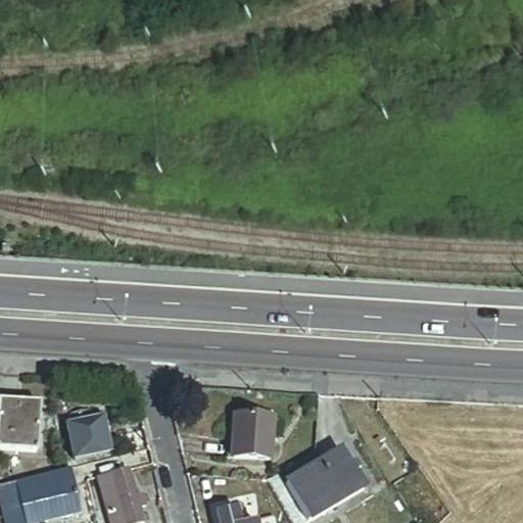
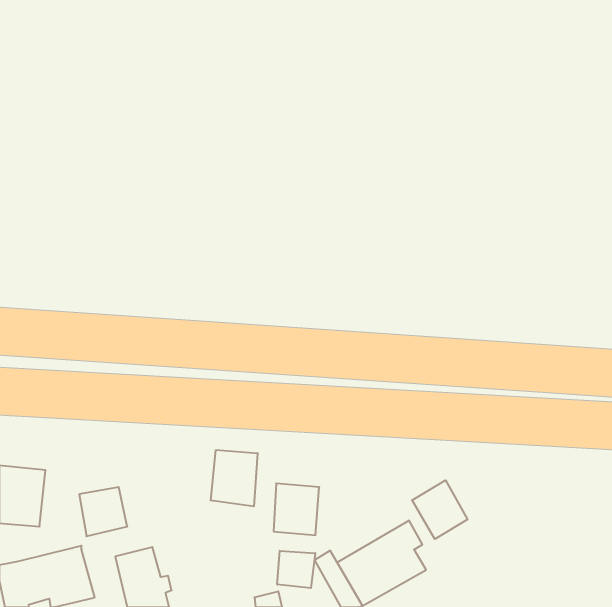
building: none -> [211,450,258,506]
building: none -> [412,480,467,539]
building: none -> [277,551,315,588]

